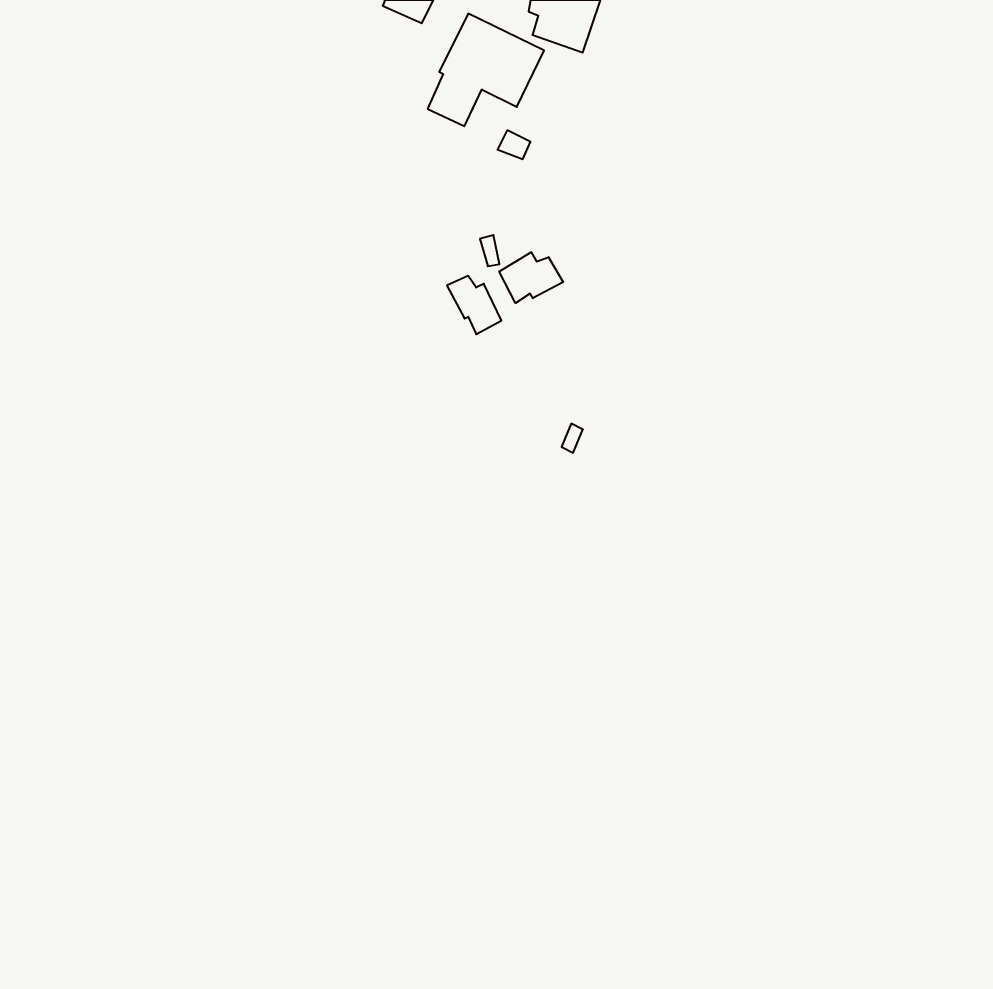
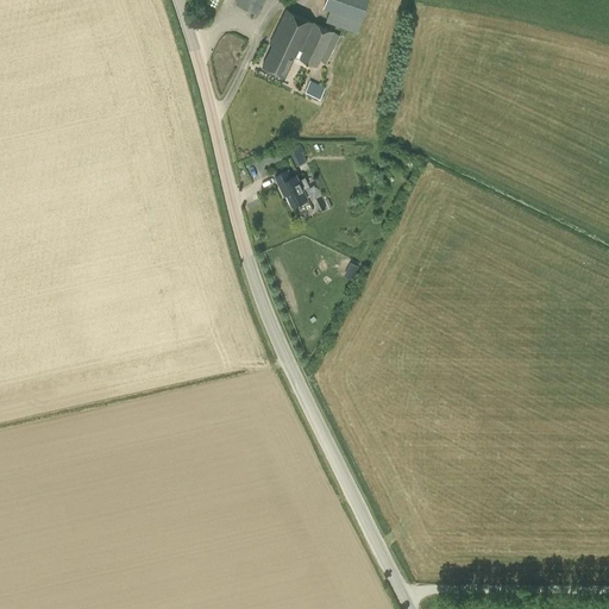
building: [499,252,563,303] -> none

